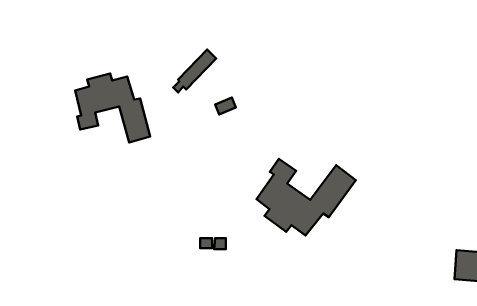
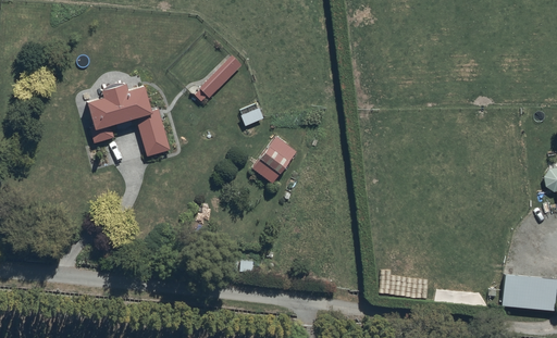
building: none -> [252,136,295,183]
building: [257,159,356,235] -> none

